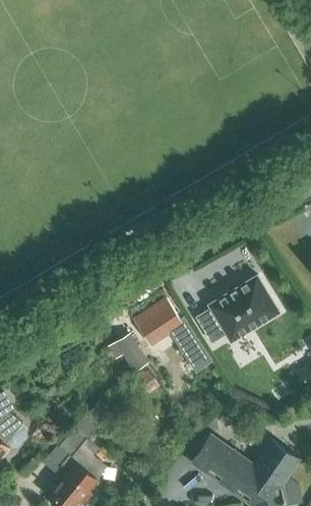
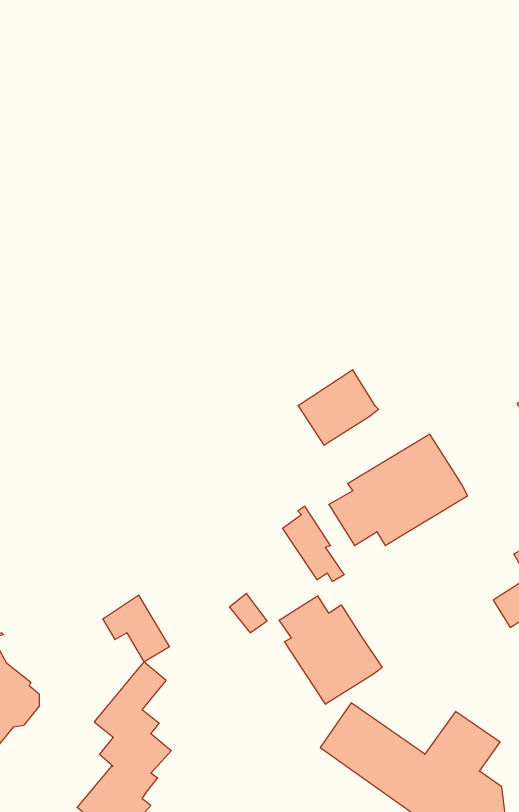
building: [133,299,181,344] -> [298,370,379,445]
building: [109,332,148,372] -> [103,595,170,662]
building: none -> [279,596,382,704]

